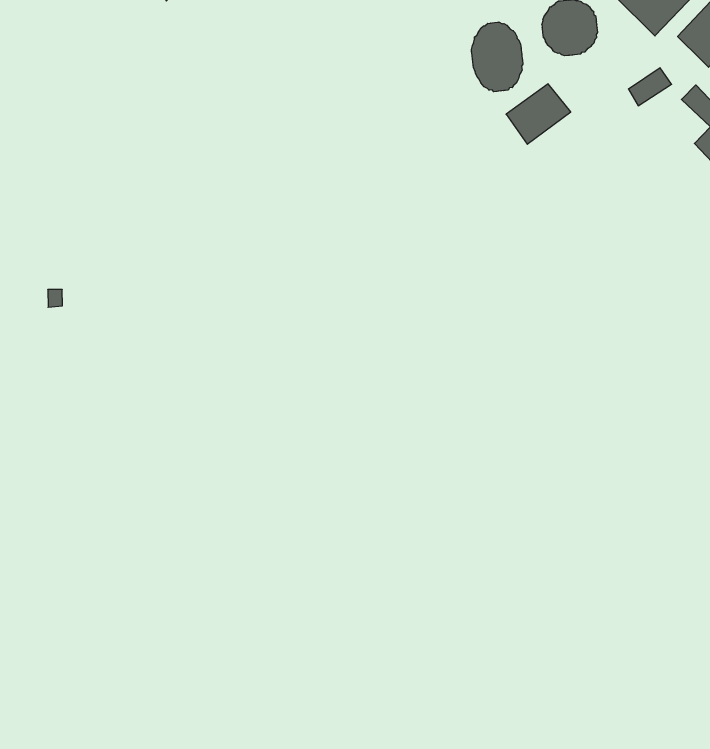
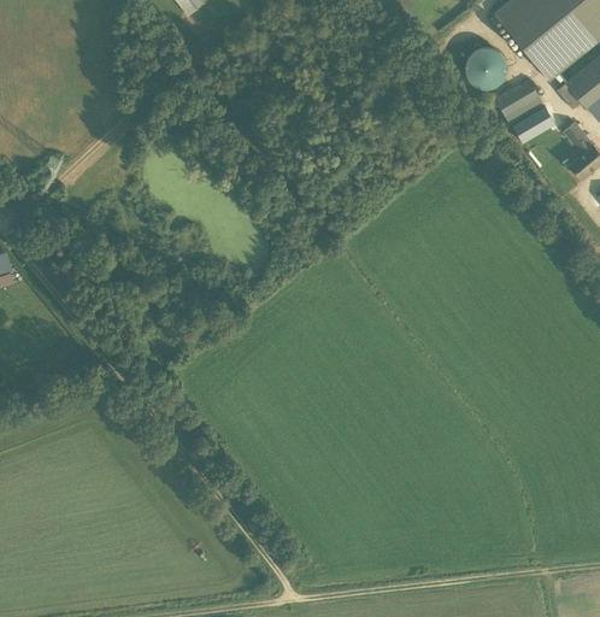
building: [471,22,523,92] -> none
building: [506,84,571,144] -> [495,80,543,123]

